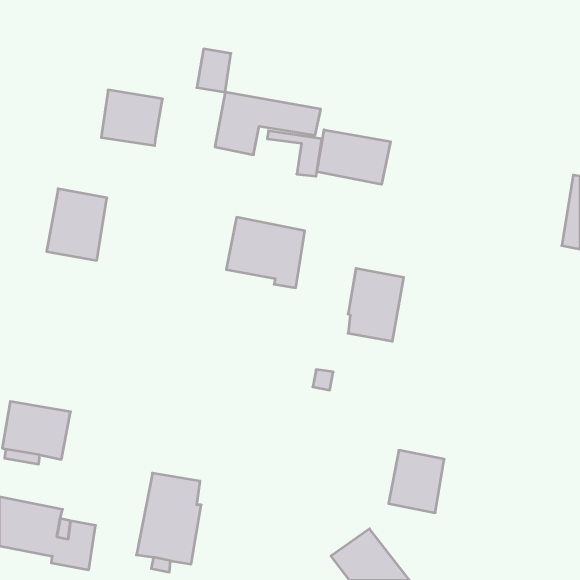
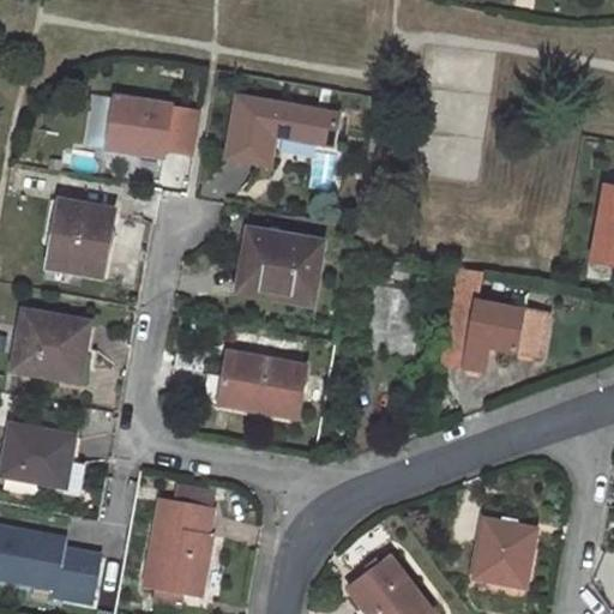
building: [197,49,231,92] -> [164,104,200,150]
building: [317,130,391,184] -> none
building: none -> [441,266,544,368]
building: none -> [14,309,92,381]
building: none -> [217,351,306,416]
building: [389,450,444,513] -> [475,520,534,586]

